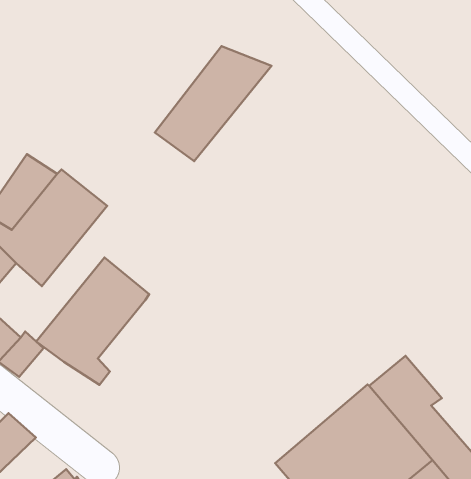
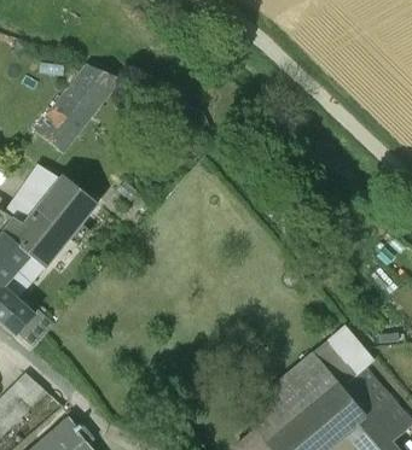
building: [155,46,271,161] -> [34,65,127,157]
building: [36,257,149,385] -> none

